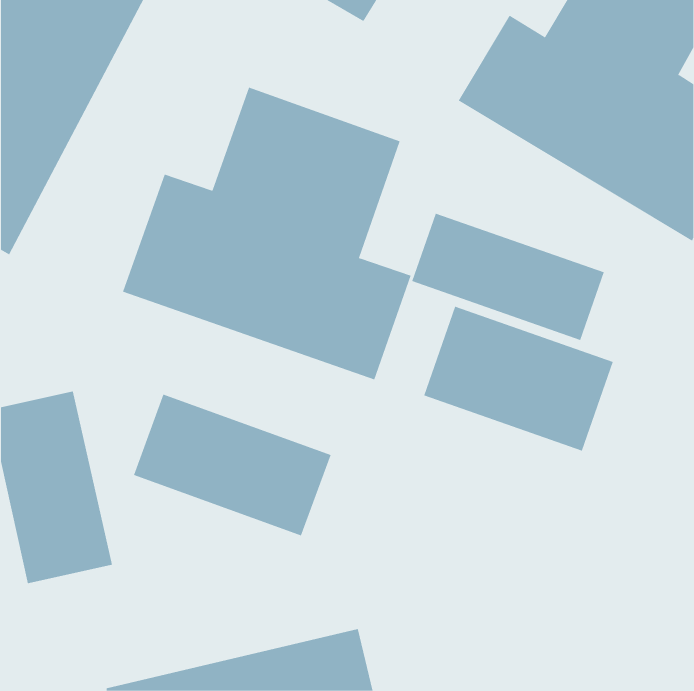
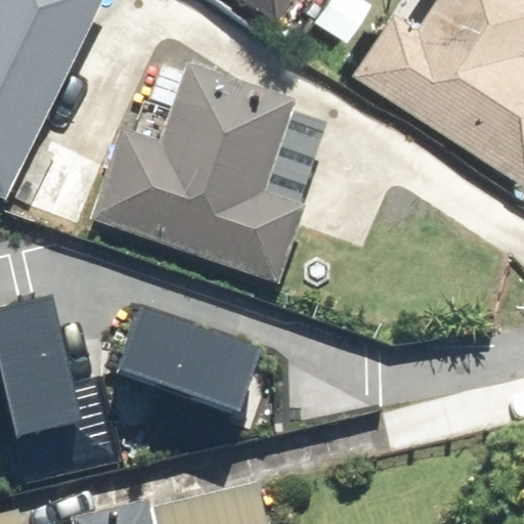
building: [412,213,604,341] -> none
building: [423,306,613,451] -> none

